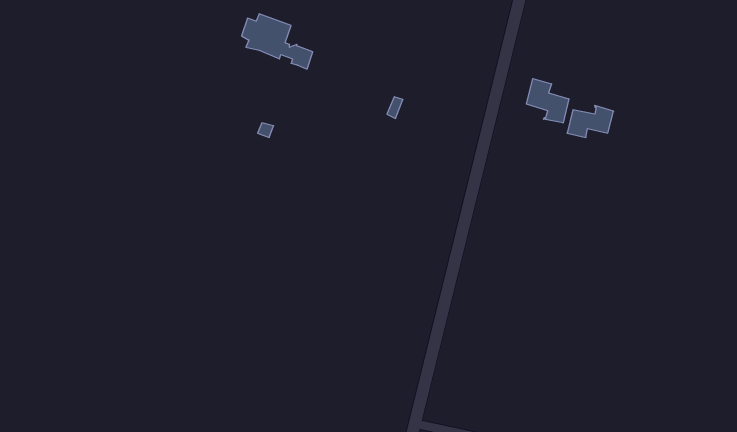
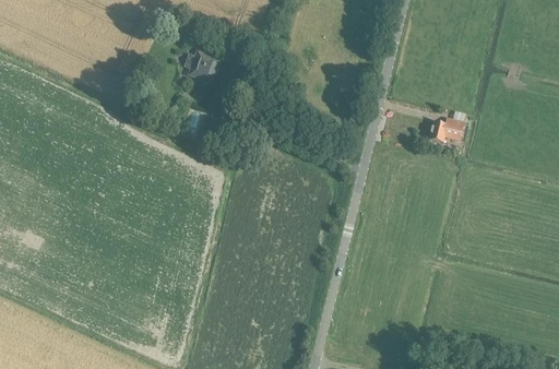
building: [526,79,569,123] -> none

